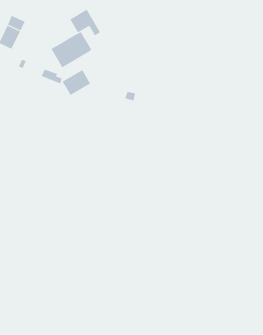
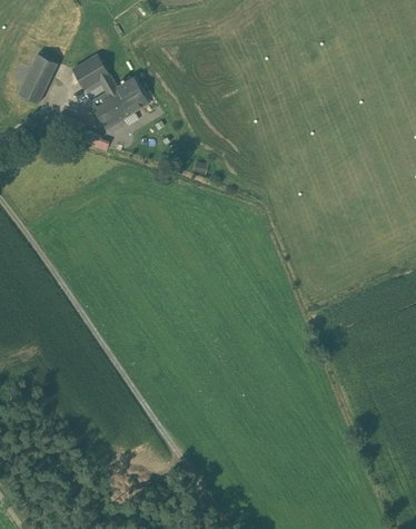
building: [69,9,101,36] -> [71,55,115,92]
building: [62,69,91,96] -> none

